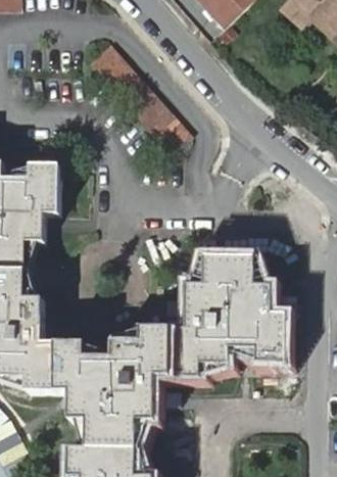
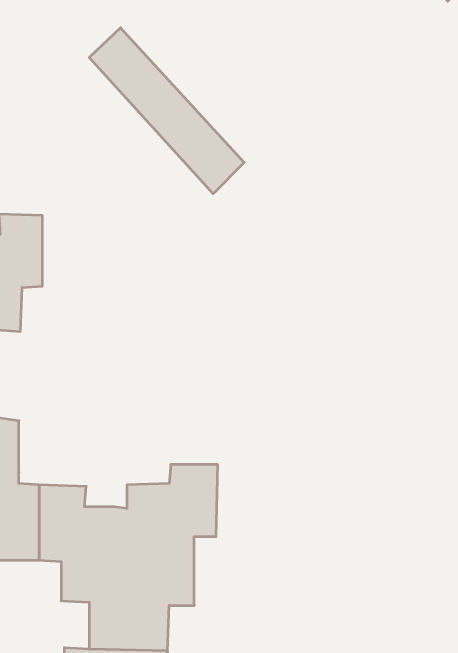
building: [171,257,286,377] -> none

